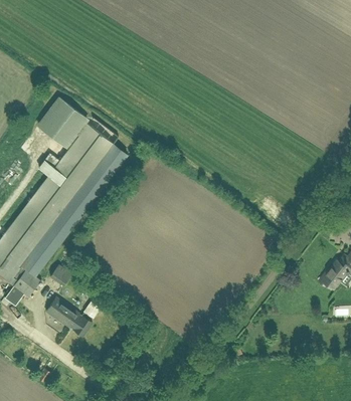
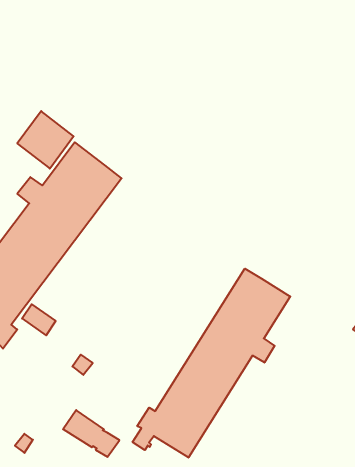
building: none -> [133,269,290,458]
building: [44,297,92,337] -> [63,410,119,457]

